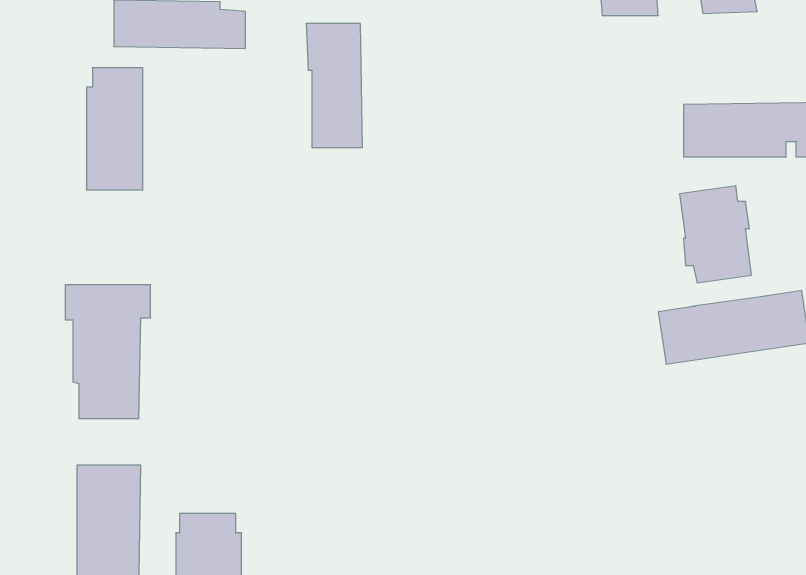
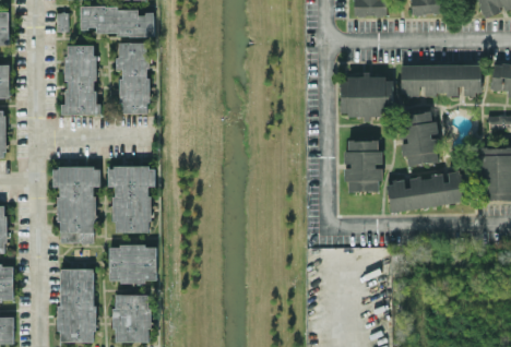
building: [306,24,362,148] -> [117,43,148,112]
building: none -> [341,75,393,117]
building: none -> [344,140,382,191]
building: none -> [107,166,155,232]
building: none -> [109,247,156,285]

